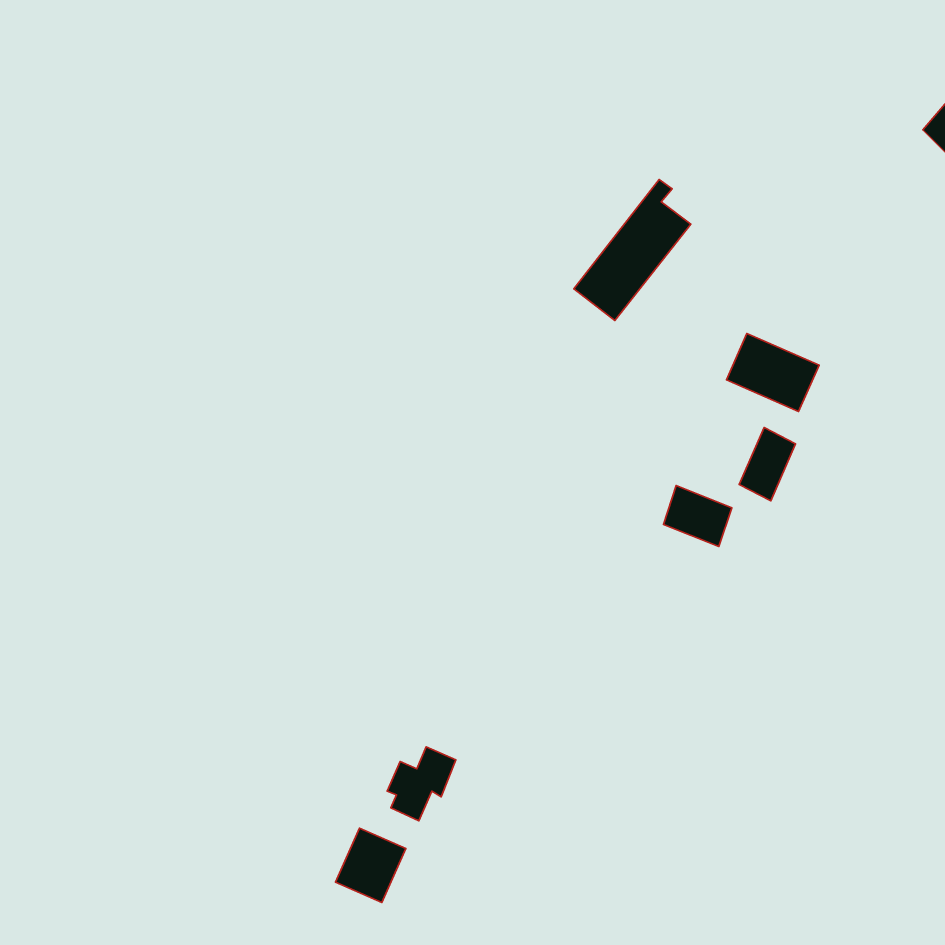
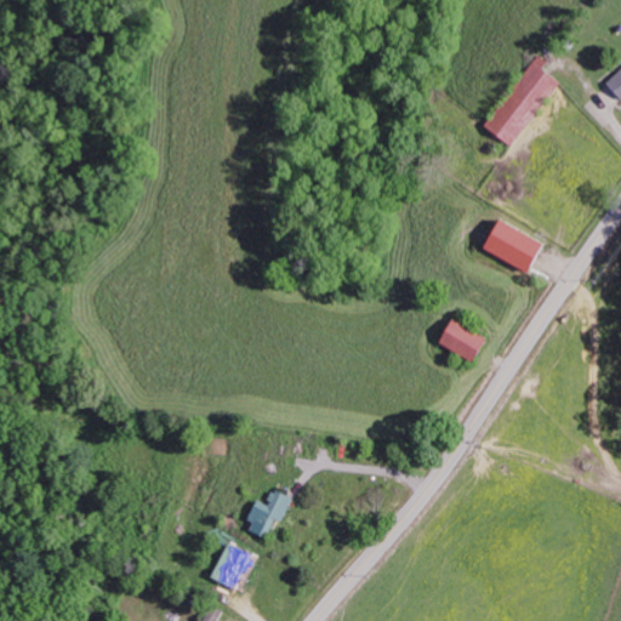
building: [574,180,691,320] -> [483,53,559,146]
building: [739,427,796,501] -> none

